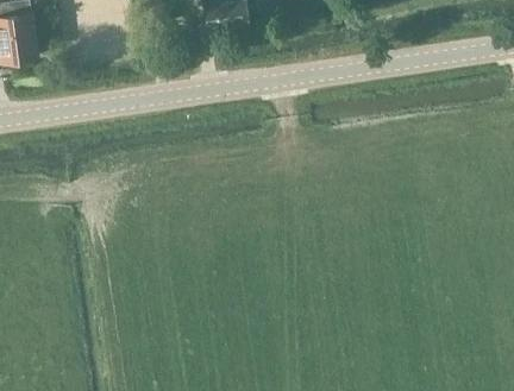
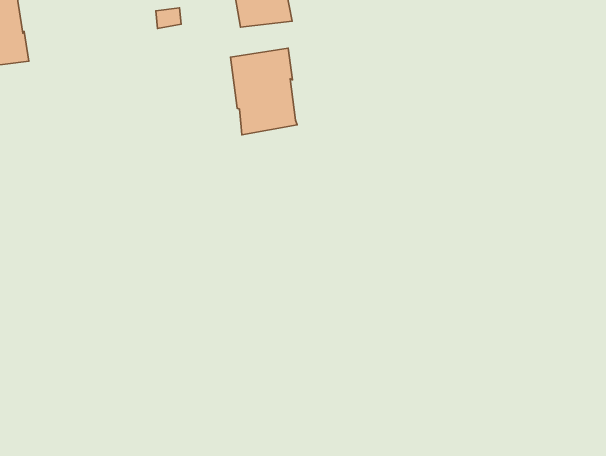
building: none -> [231,48,297,135]

